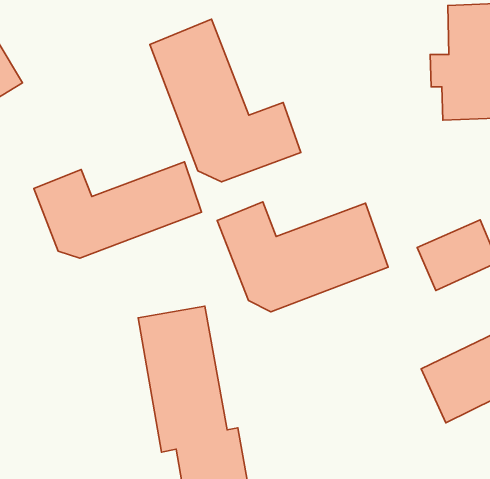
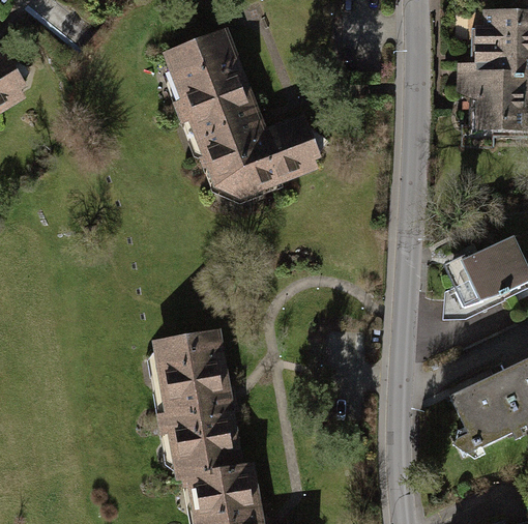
building: [34,162,202,258] -> none
building: [217,202,388,312] -> none

